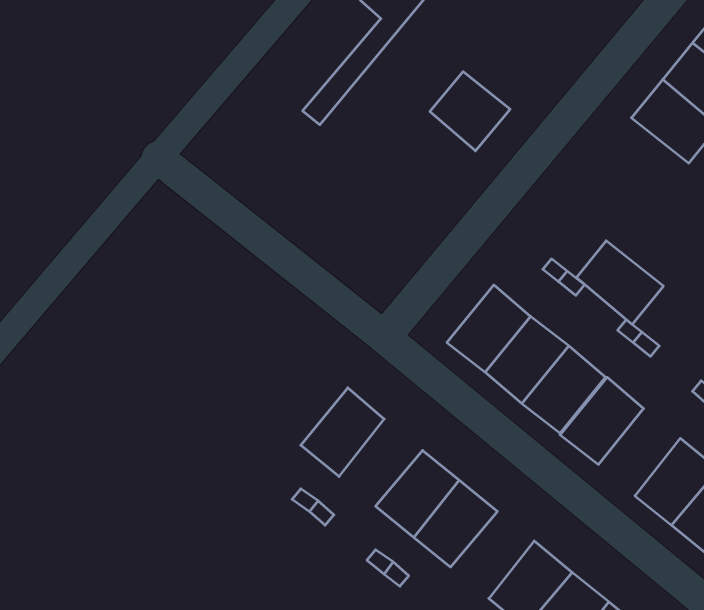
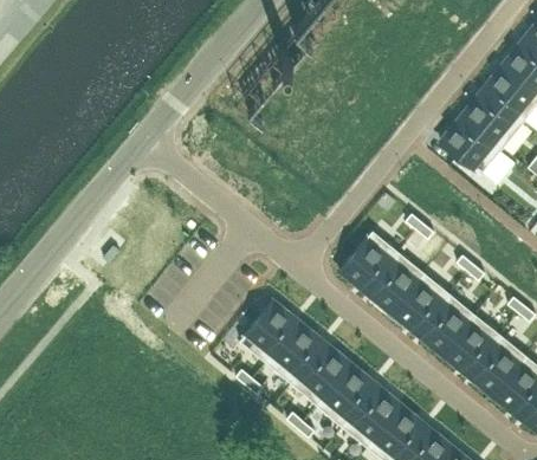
building: [430,72,510,151] -> none
building: [576,241,663,324] -> [445,117,504,174]
building: none -> [442,315,498,374]
building: none -> [266,322,323,381]
building: none -> [342,384,399,443]

